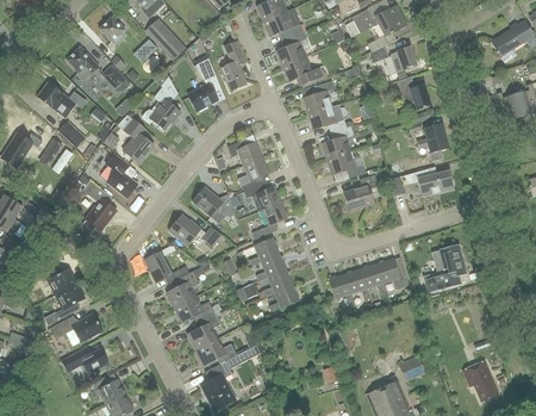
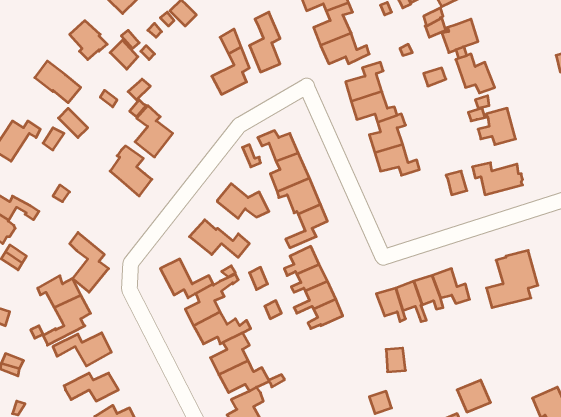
building: [142,87,180,129] -> none
building: [343,174,379,212] -> none
building: [83,179,117,230] -> [70,232,109,292]

